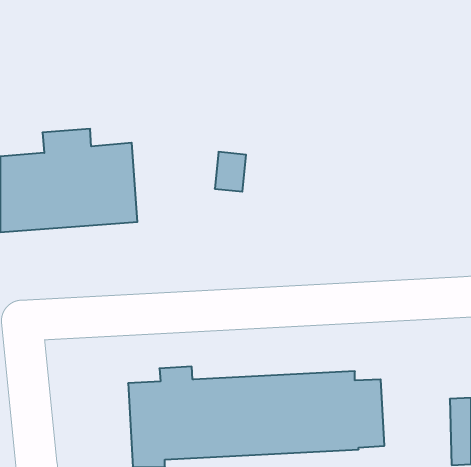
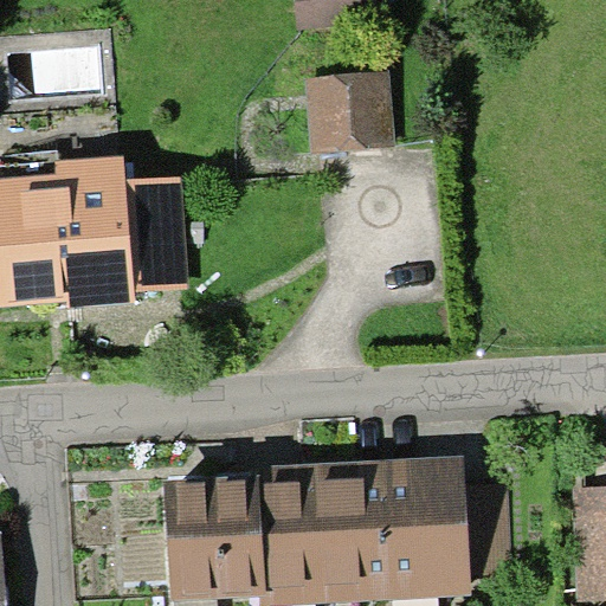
building: none -> [305,75,383,153]

